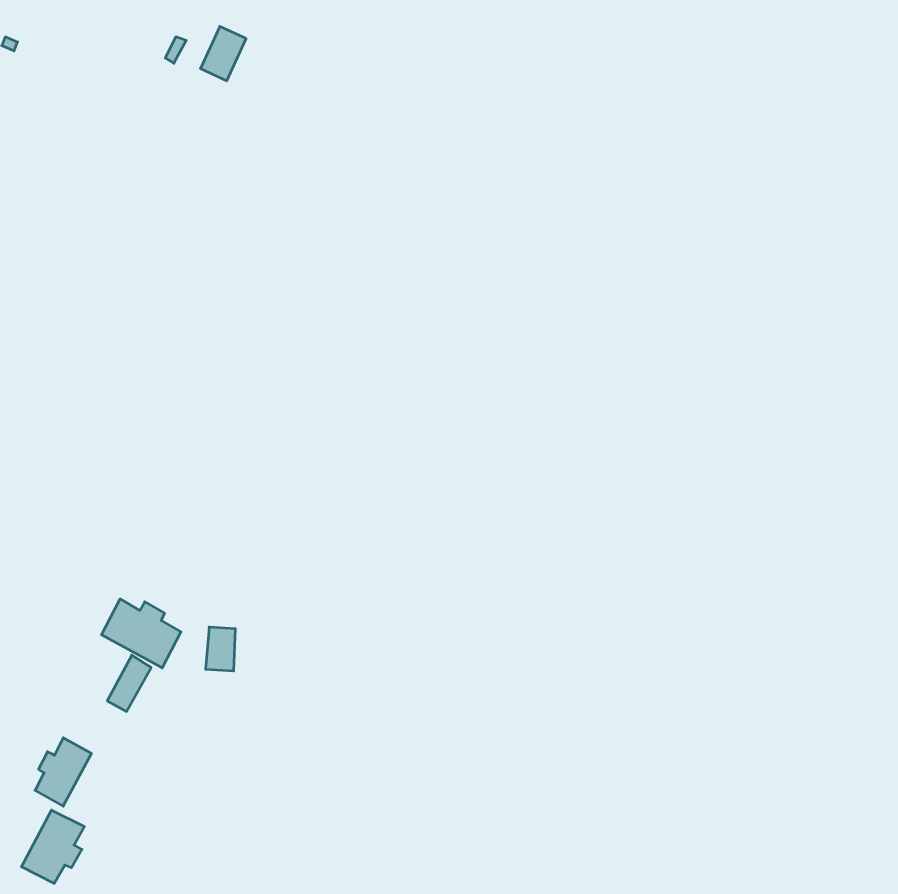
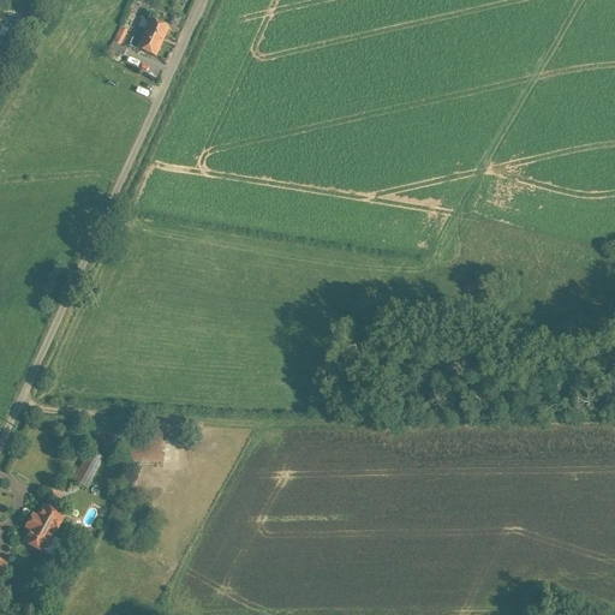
building: [102,599,181,668] -> none
building: [21,810,84,883] -> none

